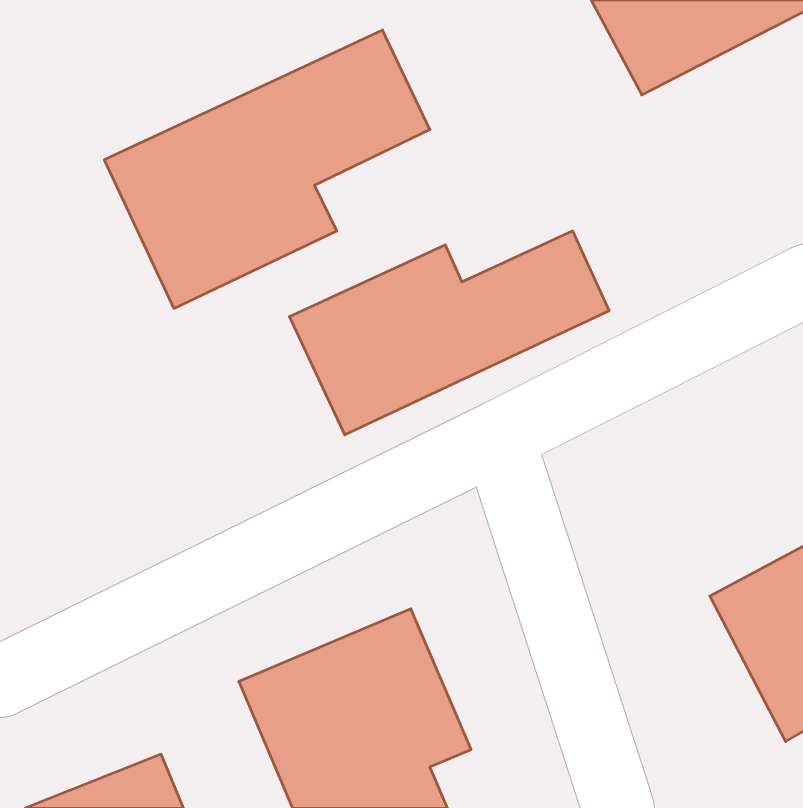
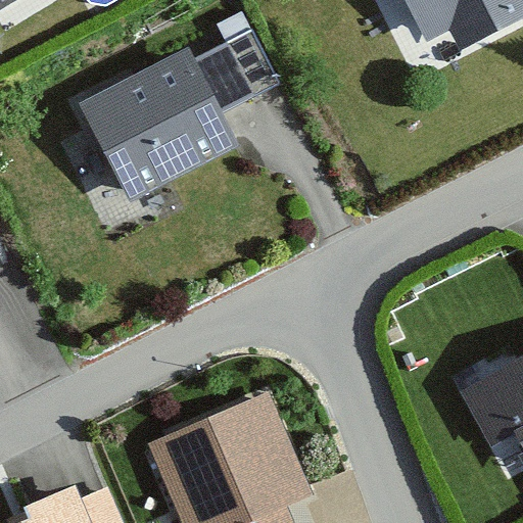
building: [289,231,609,435] -> none

